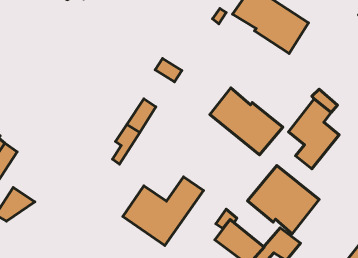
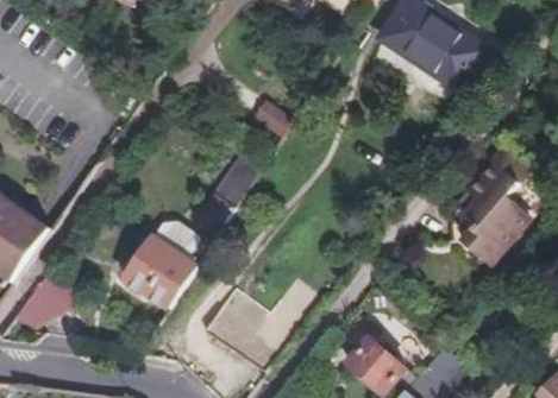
building: [210,88,283,155] -> none
building: none -> [126,239,196,308]
building: [248,166,319,234] -> none

